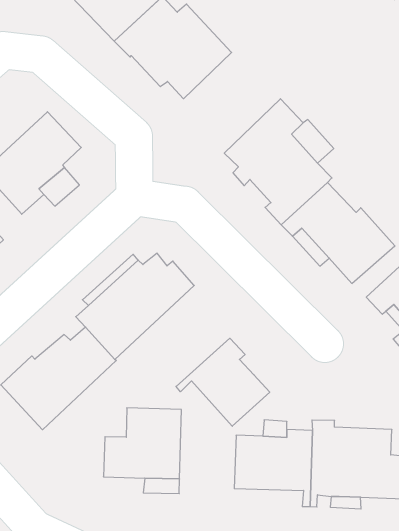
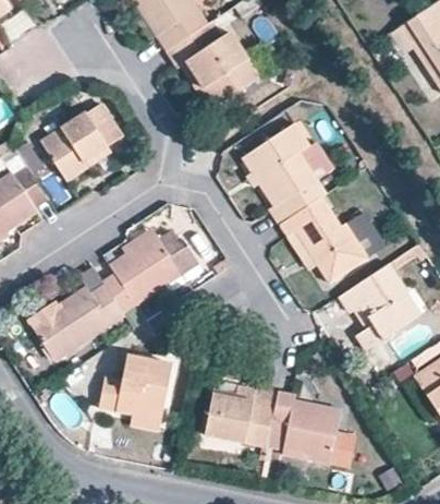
building: [176,338,270,426] -> none

